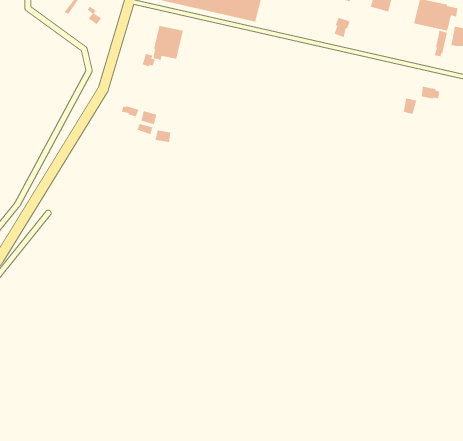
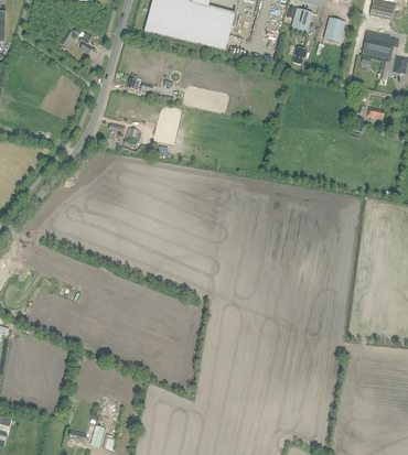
building: [153,25,183,61] -> none

